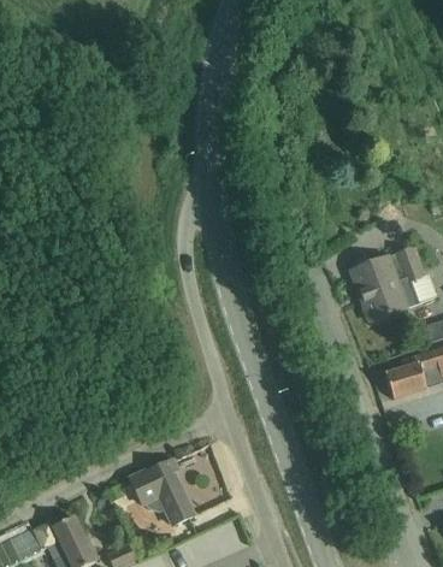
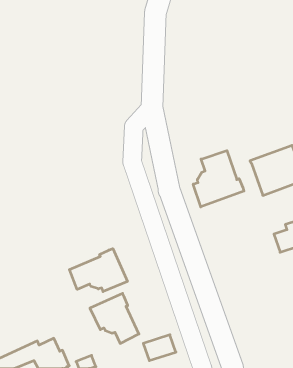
building: none -> [193,151,244,207]
building: none -> [69,249,127,292]

